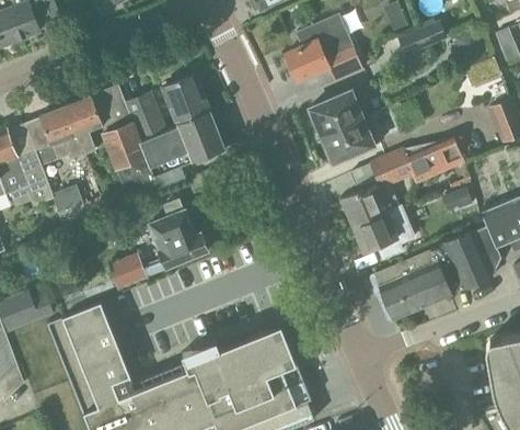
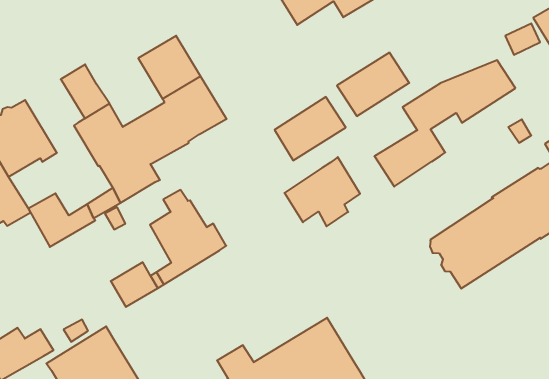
building: [309,89,367,136] -> [275,97,346,160]
building: [125,92,166,140] -> none
building: [65,95,102,152] -> none
building: [353,204,414,259] -> [284,157,360,226]

